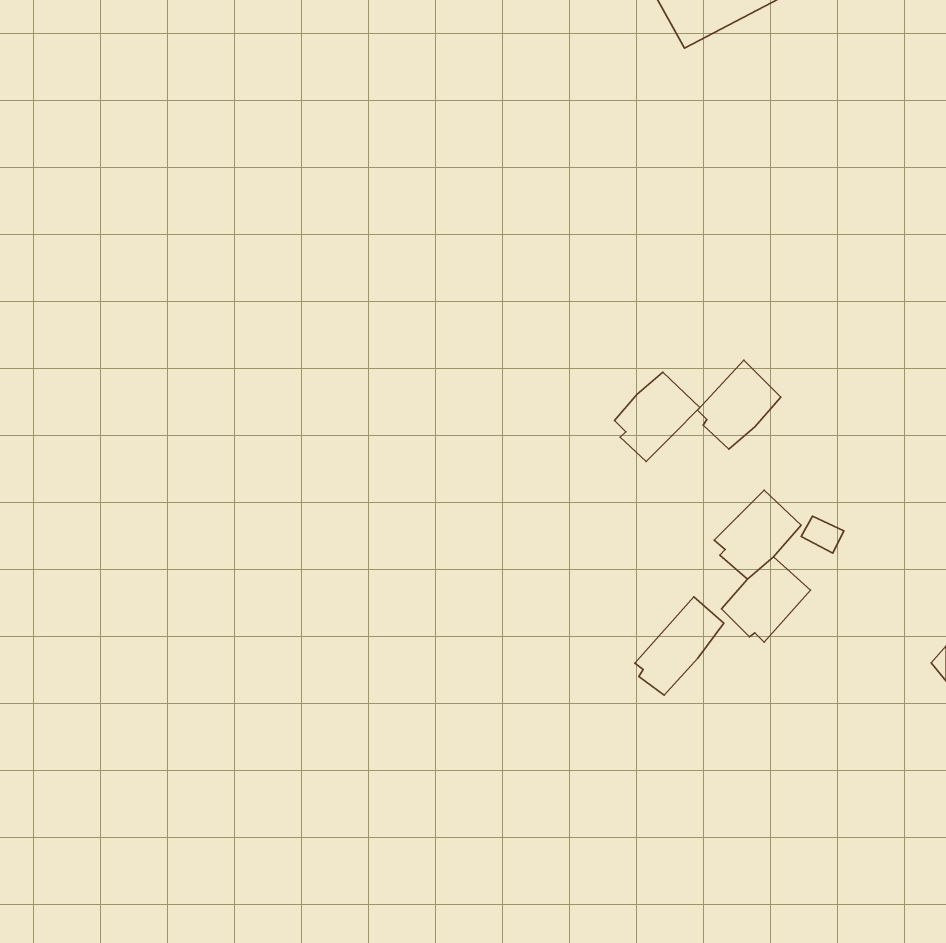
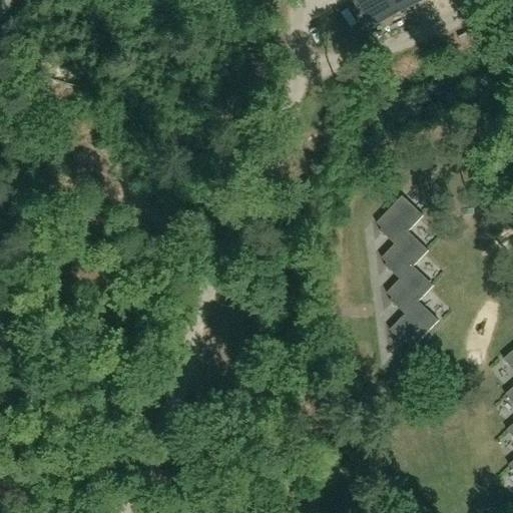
building: [615,372,700,461] -> [382,230,428,279]
building: [635,597,724,695] -> none

